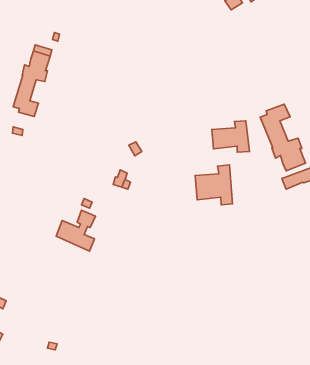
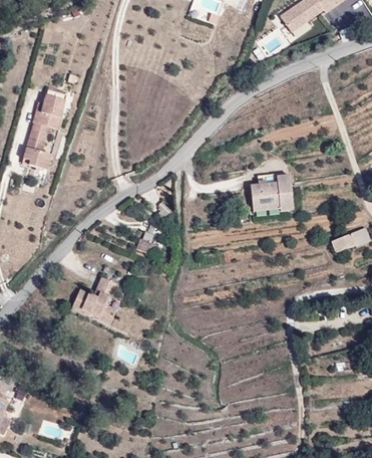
building: [260,104,305,171] -> none
building: [195,165,232,205] -> none

